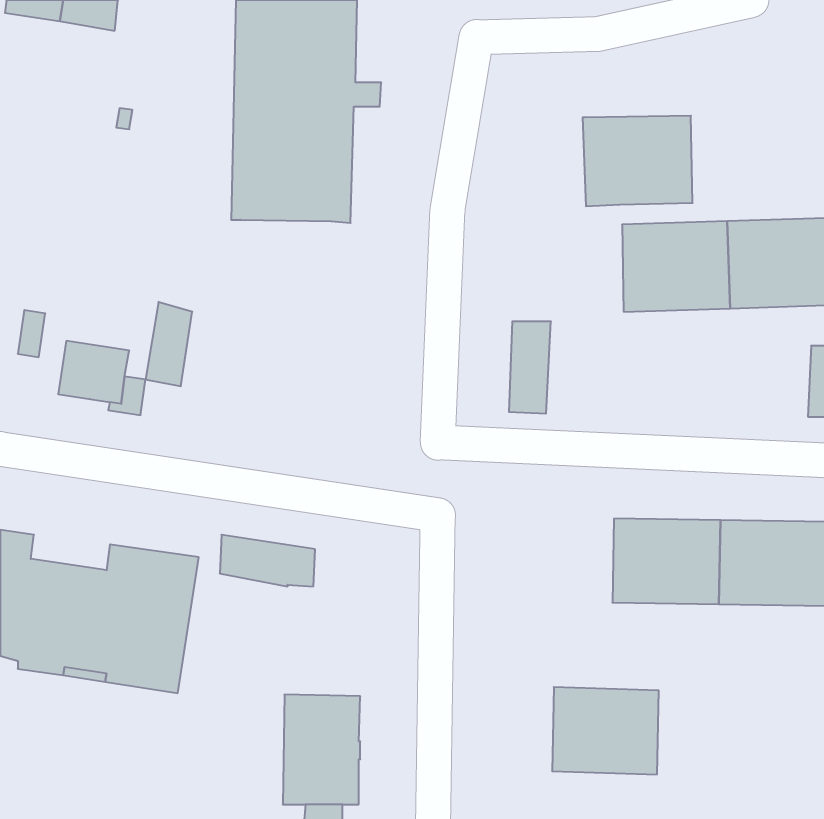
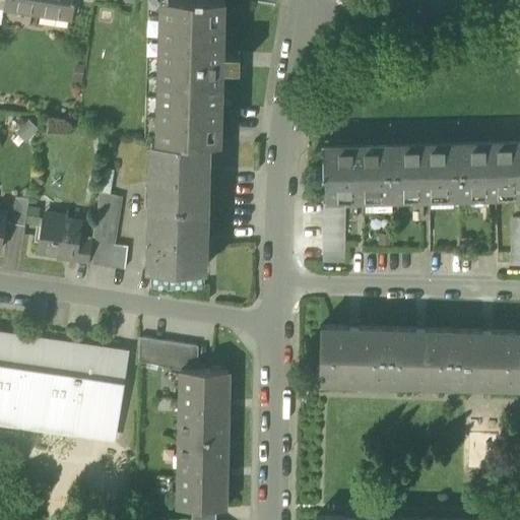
building: [583,116,693,206] -> [324,145,393,202]
building: none -> [150,142,209,269]
building: none -> [89,243,129,271]
building: none -> [20,340,70,363]
building: none -> [180,372,229,442]
building: [552,687,659,774] -> [320,328,387,383]

